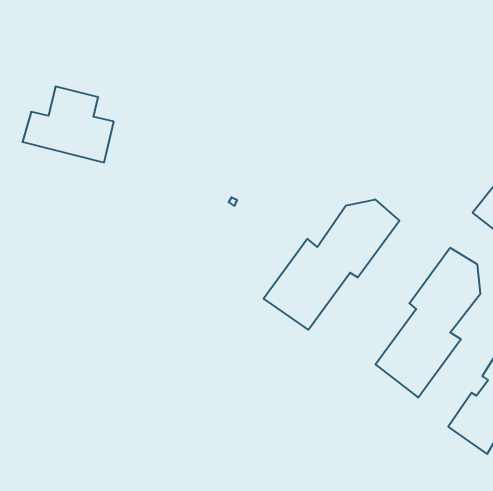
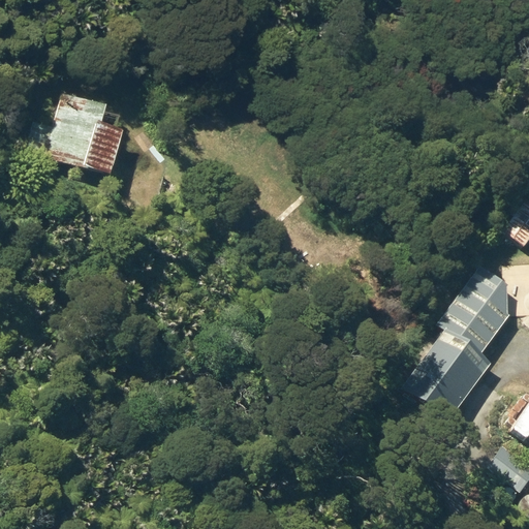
building: [264,199,399,330] -> none

